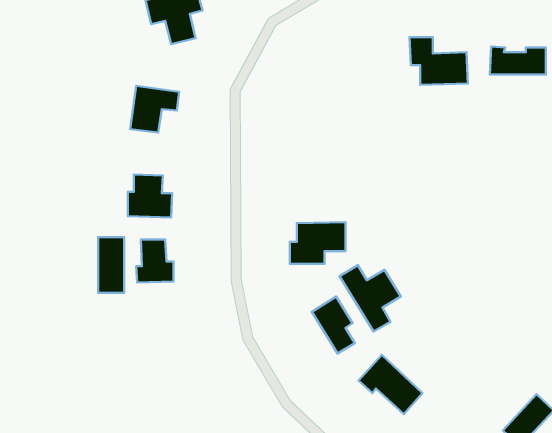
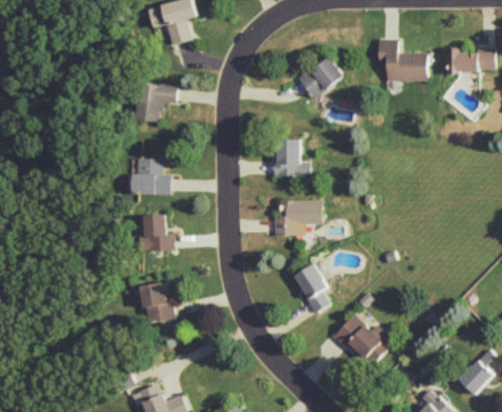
building: none -> [298,54,343,98]
building: none -> [274,139,308,176]
building: [98,237,124,293] -> none
building: [339,265,401,331] -> none
building: none -> [141,281,176,323]

